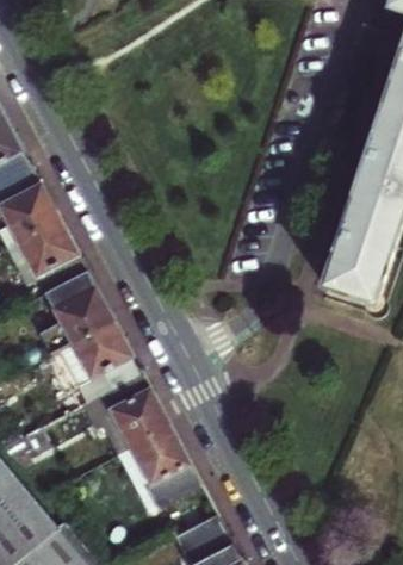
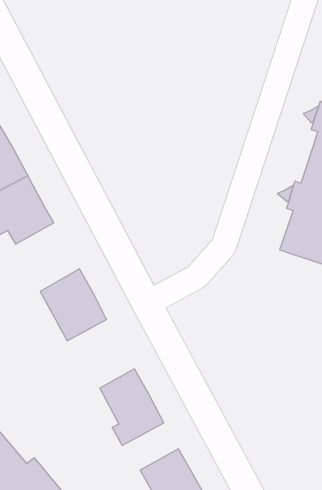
building: [38,271,112,354] -> none
building: [73,373,170,453] -> none

